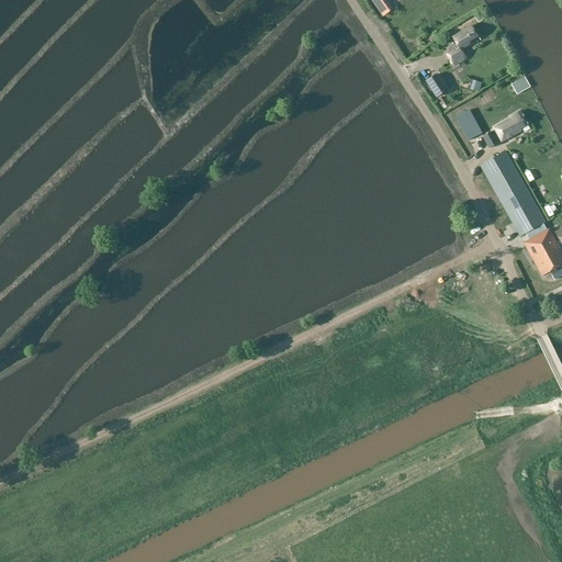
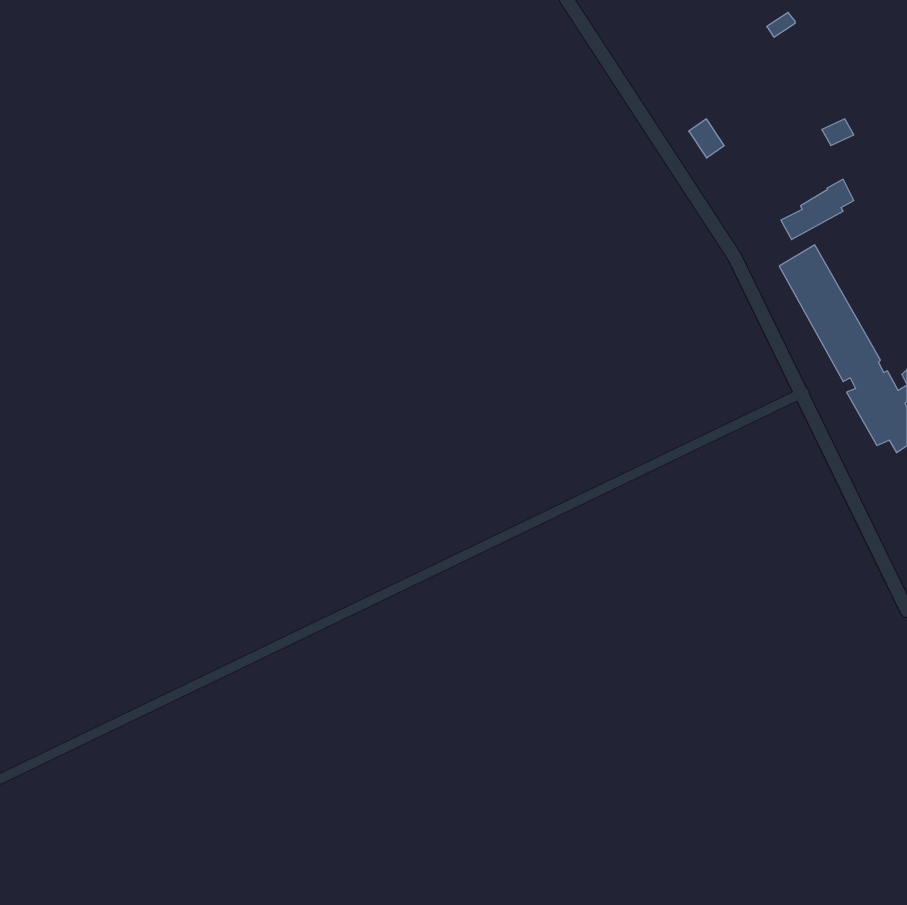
building: [448,26,479,66] -> none
building: [452,104,482,140] -> none

